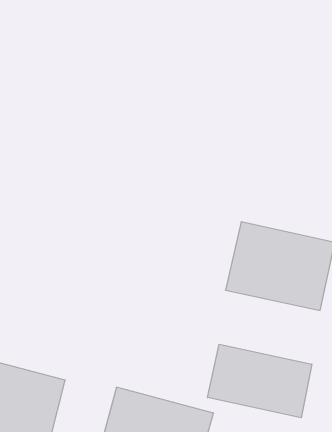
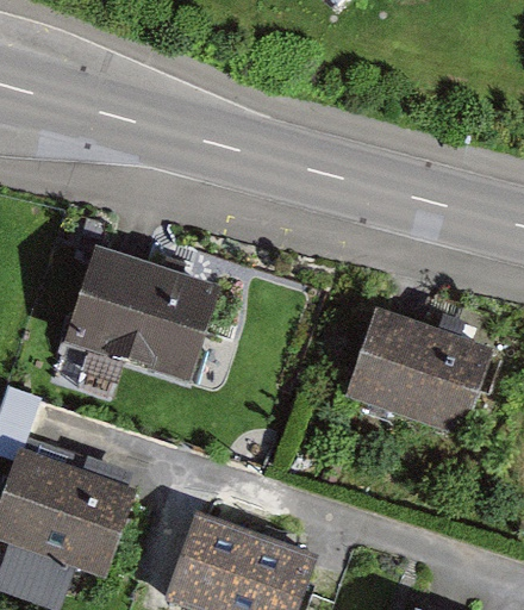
building: none -> [68,253,218,379]
building: [208,344,312,418] -> none

